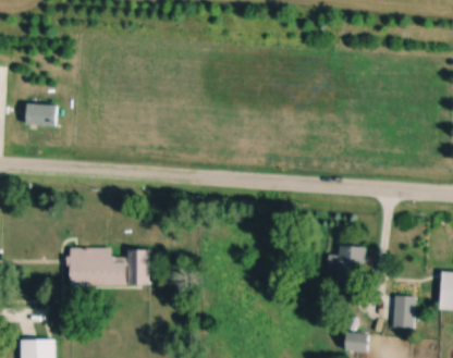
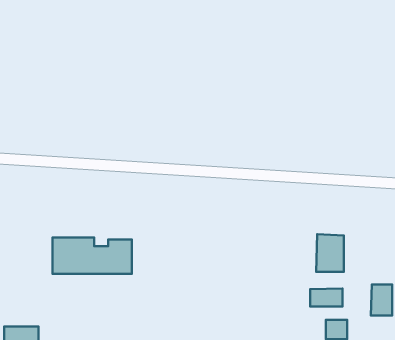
building: [24,103,57,126] -> none
building: none -> [310,288,342,307]

